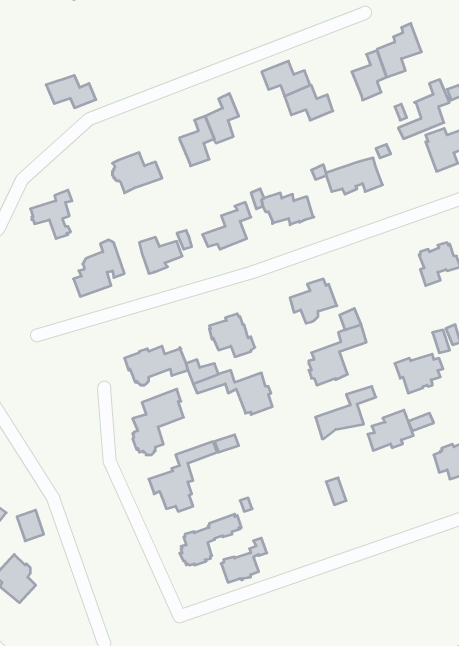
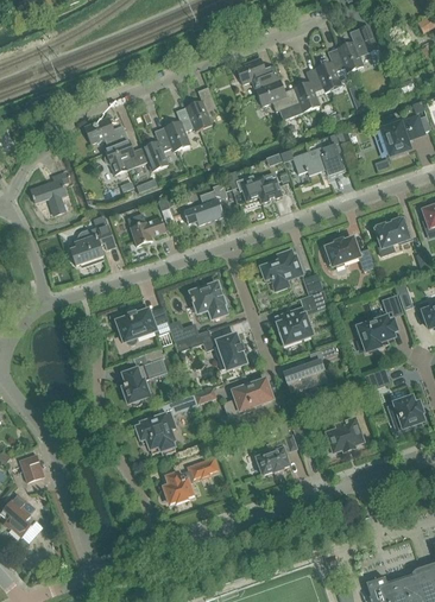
building: [46,75,96,108] -> [83,118,127,146]
building: [398,80,449,139] -> [278,68,323,120]
building: none -> [141,127,171,171]
building: none -> [323,237,373,271]
building: [368,410,413,450] -> [322,419,362,455]
building: none -> [223,379,271,417]
building: [221,538,267,582] -> [256,436,296,475]

